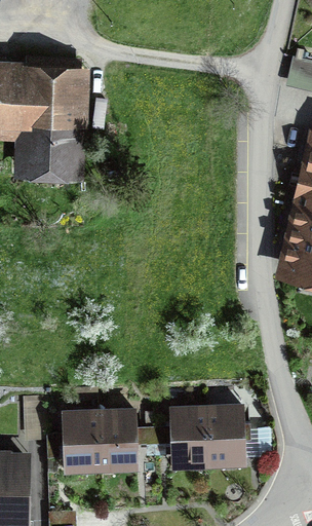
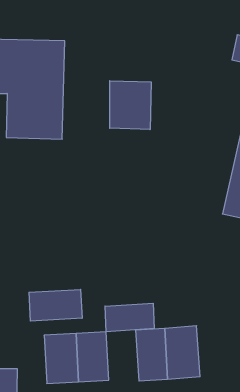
building: none -> [110,81,151,130]
building: none -> [29,289,82,321]
building: none -> [105,303,154,332]

